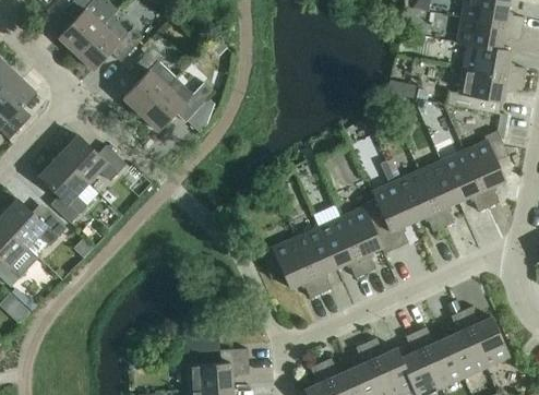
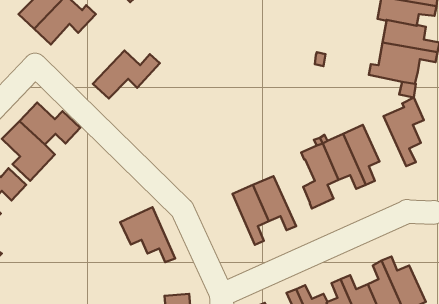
building: [122,46,175,115] -> none
building: [440,151,488,212] -> none
building: [340,199,386,273] -> none
building: [259,237,320,298] -> [120,207,175,262]

